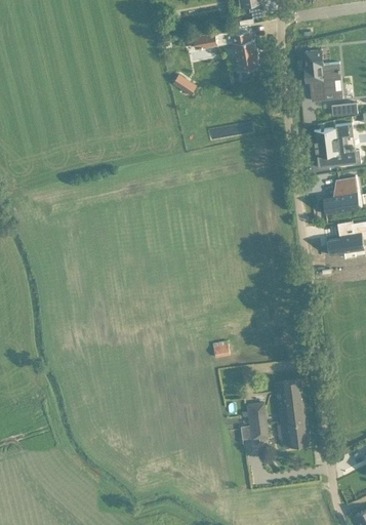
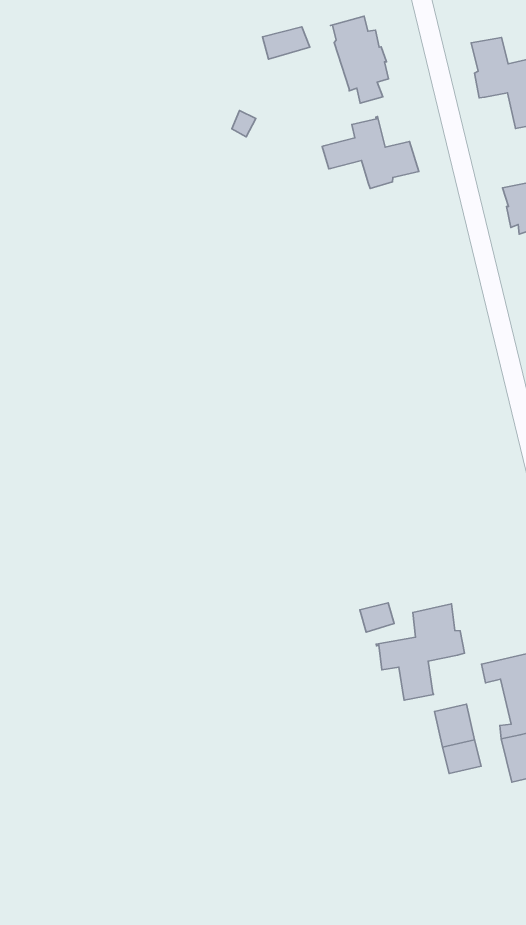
building: none -> [322,116,419,188]
building: none -> [376,604,465,700]

